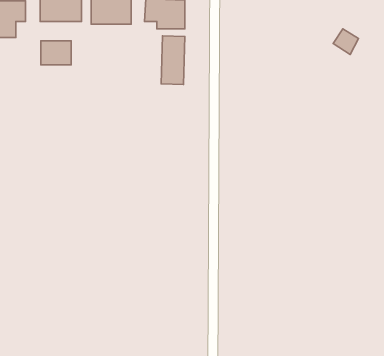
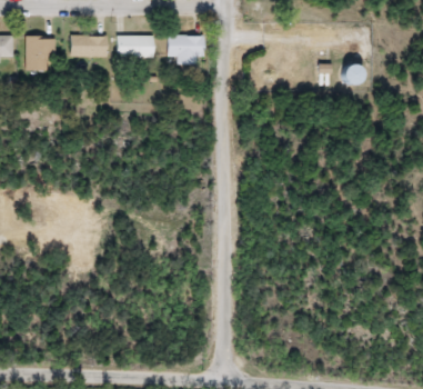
building: [161,36,185,84] -> none
building: [41,41,71,65] -> none

